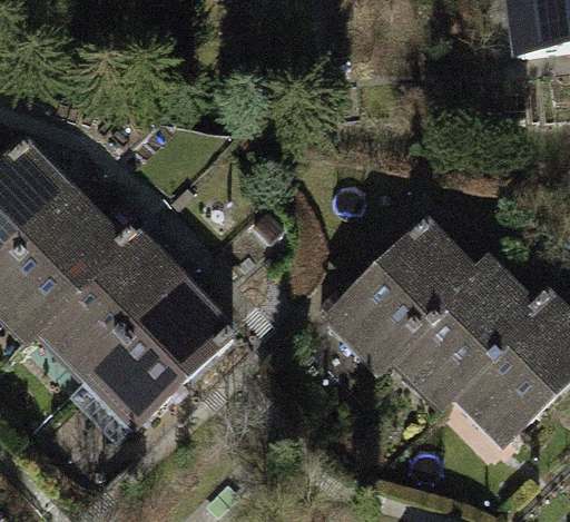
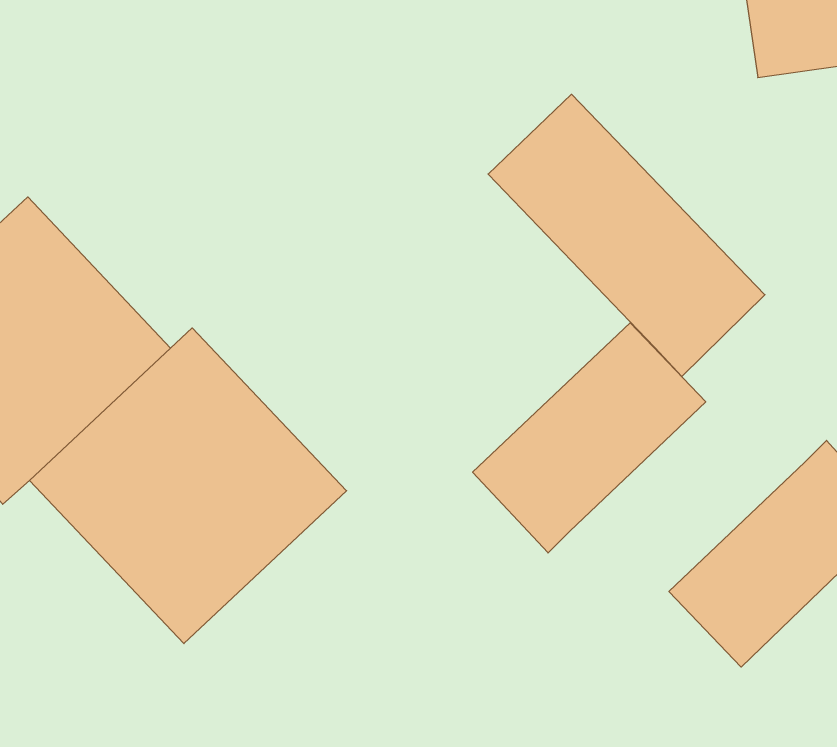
building: none -> [488,94,765,377]
building: [386,258,542,411] -> none

